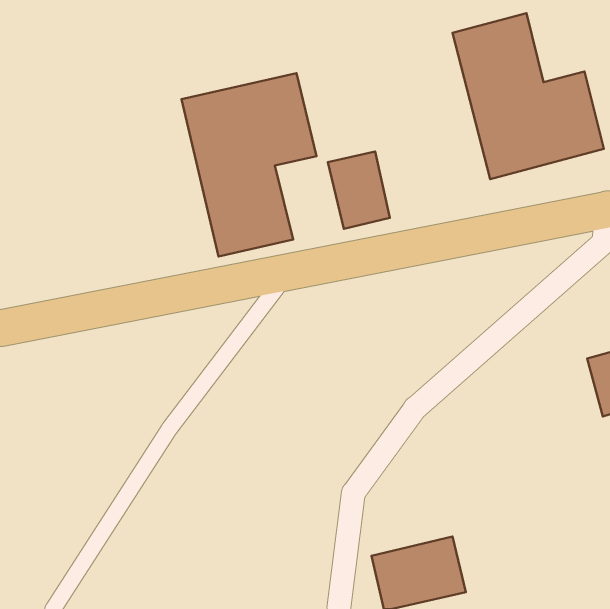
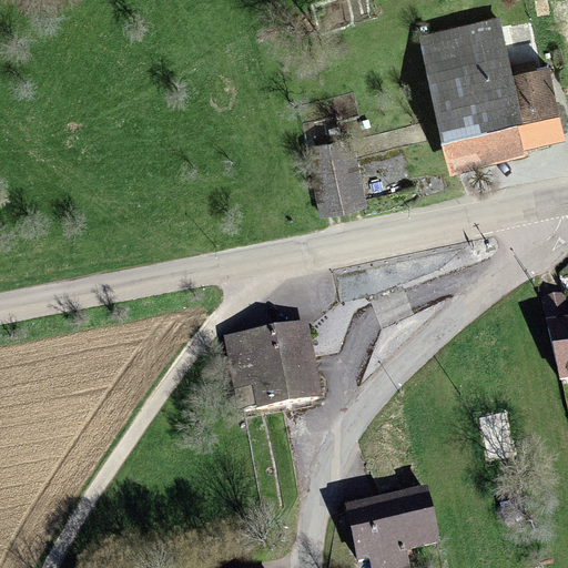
building: [181,73,316,256] -> none
building: none -> [236,328,317,407]

